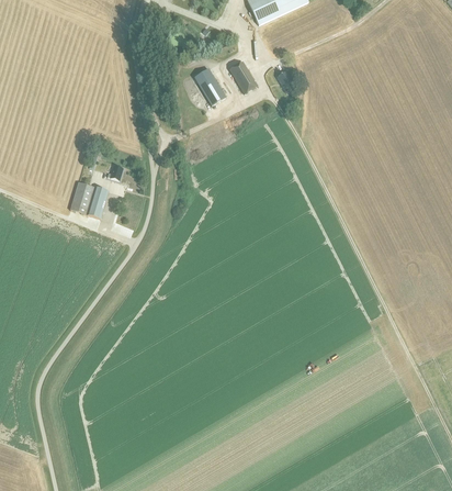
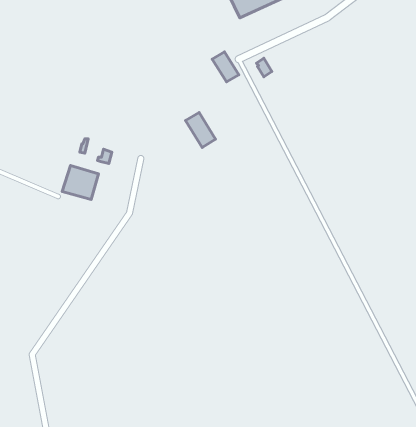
building: [193,67,225,104] -> [186,112,216,148]

